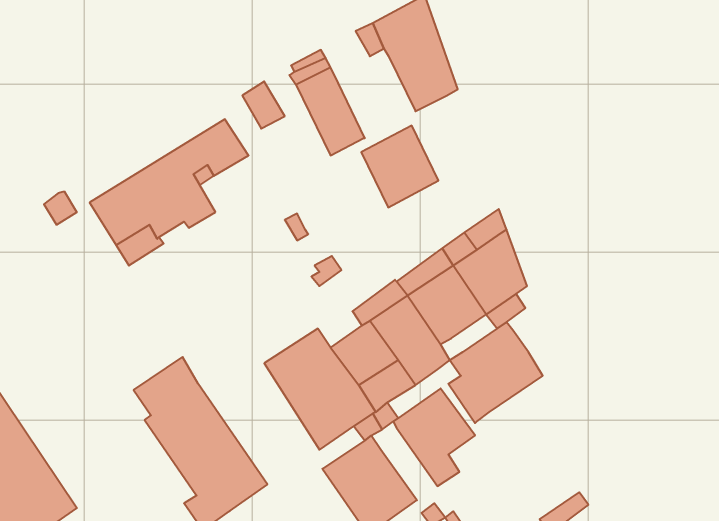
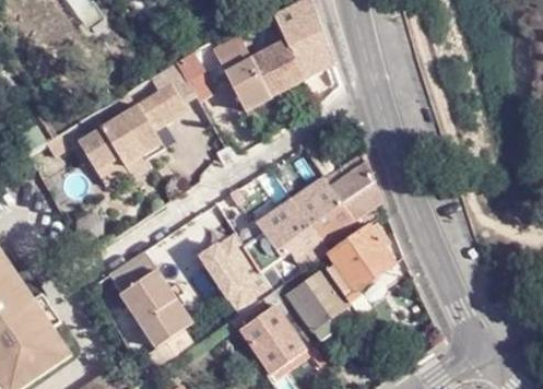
building: [361,126,438,207] -> [250,40,304,97]

